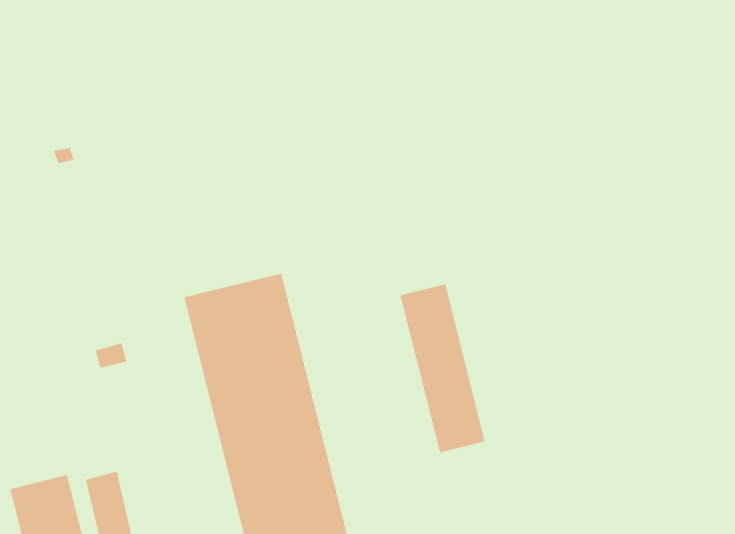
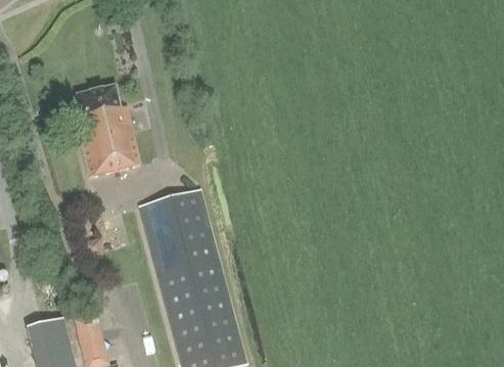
building: none -> [74,83,139,175]
building: [400,283,485,453] -> none

